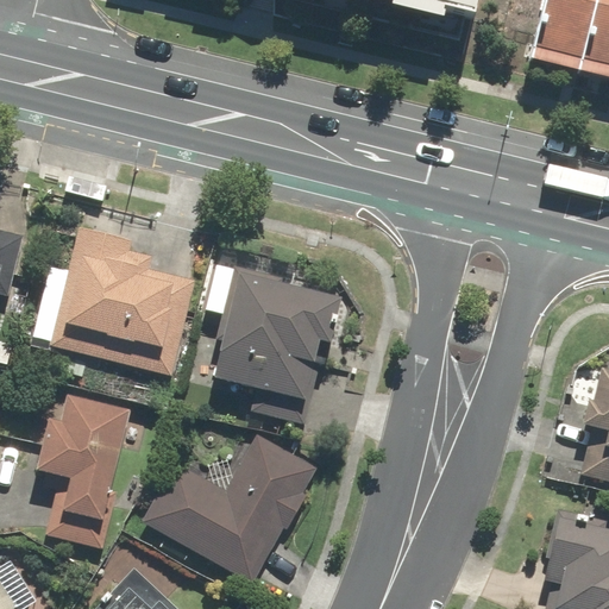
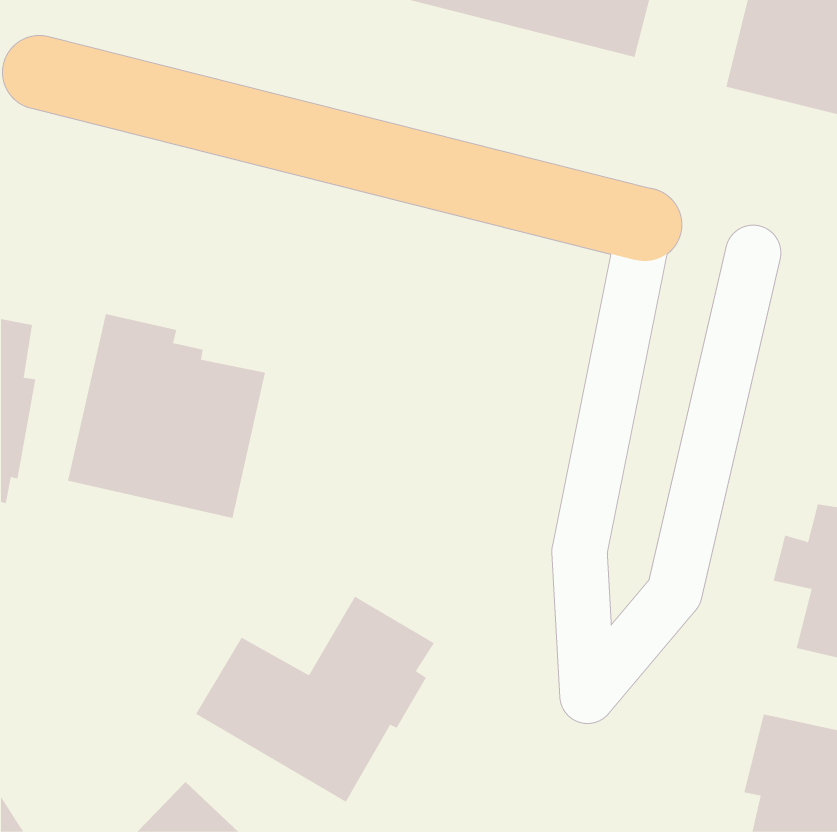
building: [199,260,341,425] -> none
building: [33,395,130,544] -> none

